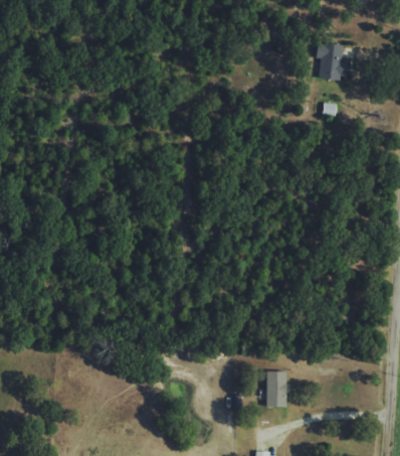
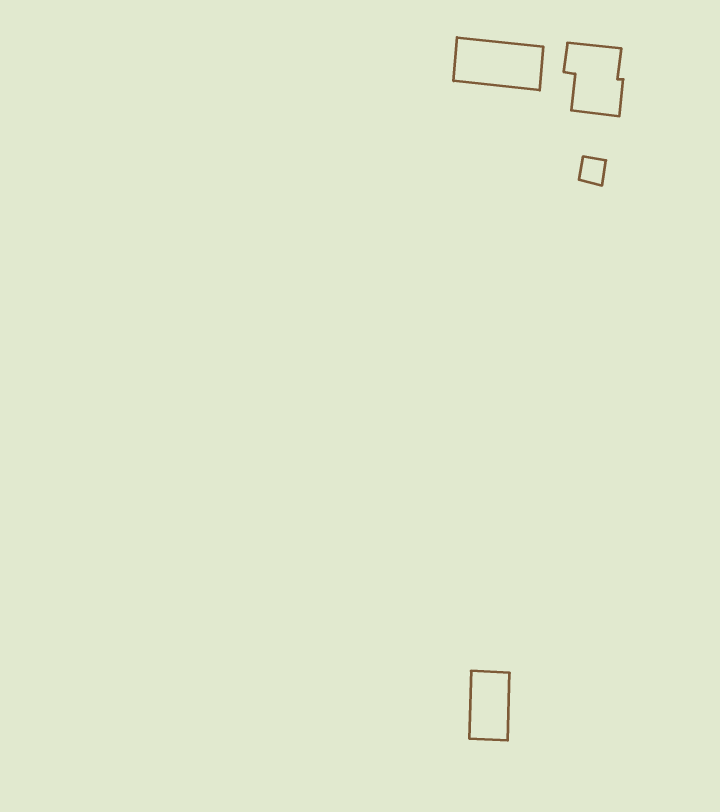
building: none -> [454,37,543,90]

